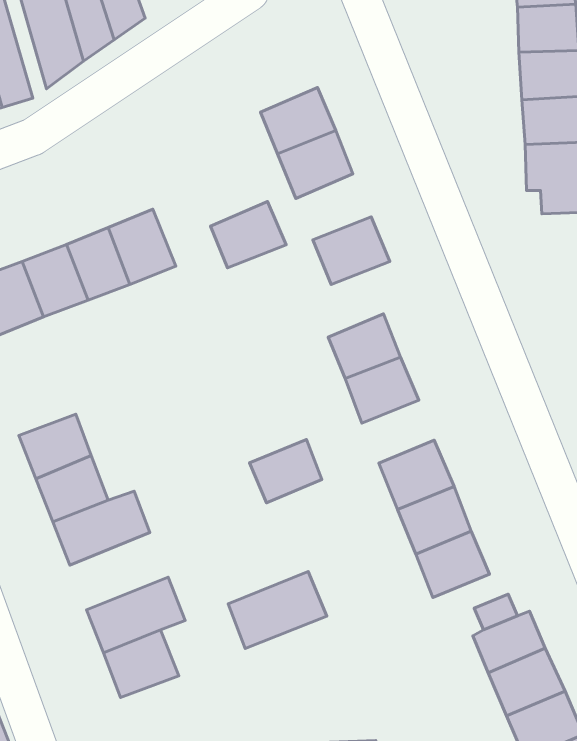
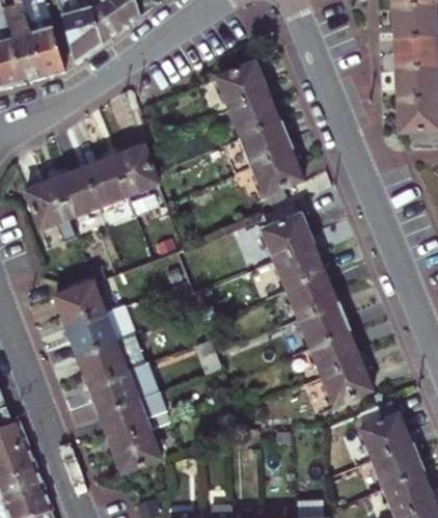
building: [211,202,286,268] -> [241,120,292,165]
building: [250,440,322,503] -> [285,273,334,316]
building: [228,571,327,649] -> [88,362,155,414]

